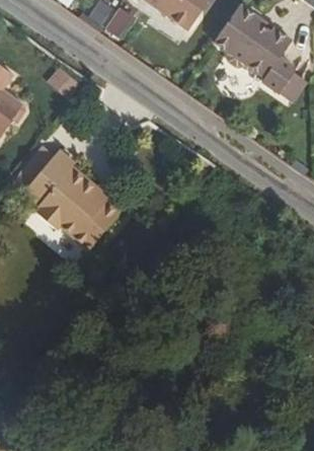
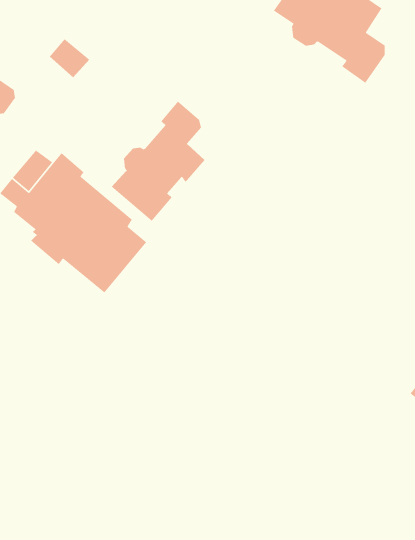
building: none -> [111,100,206,222]

